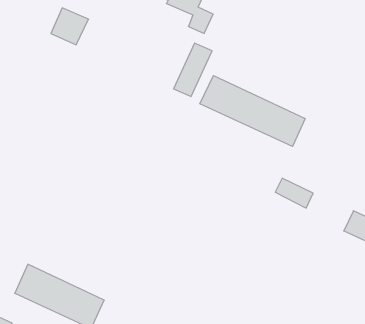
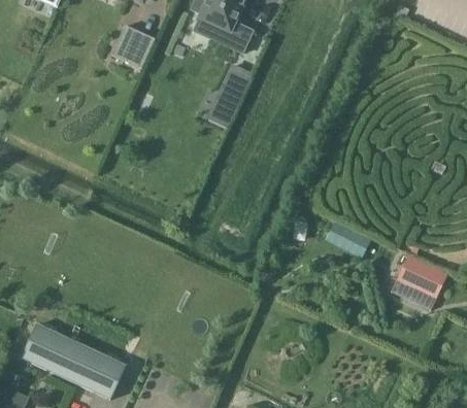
building: [51,8,89,45] -> [111,25,156,68]
building: [200,76,305,146] -> none

